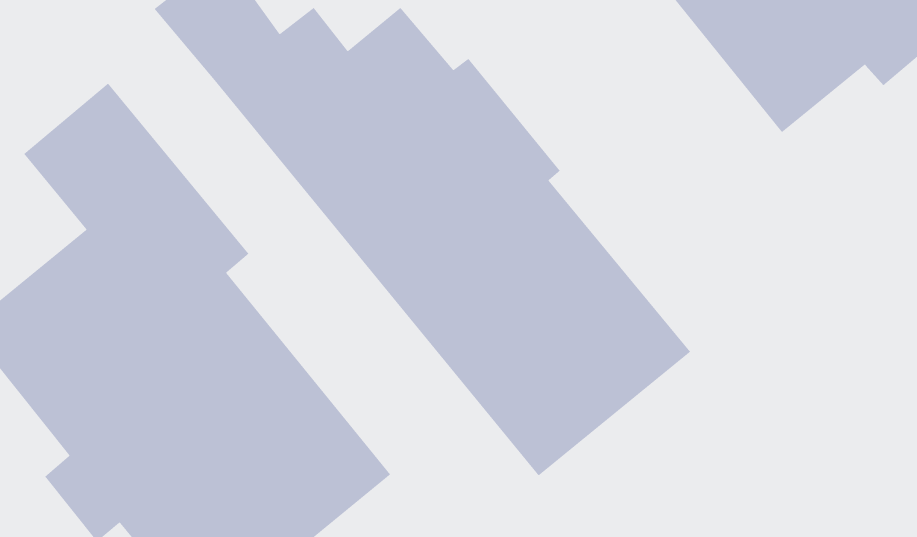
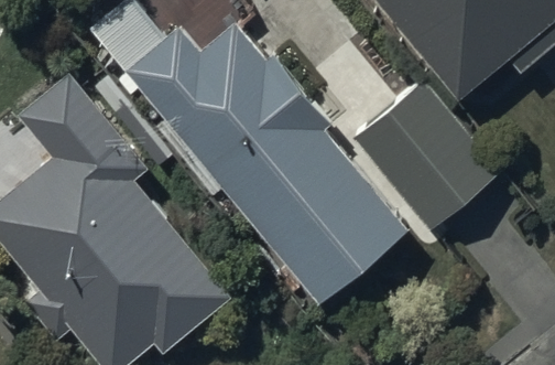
building: none -> [355,87,493,226]

